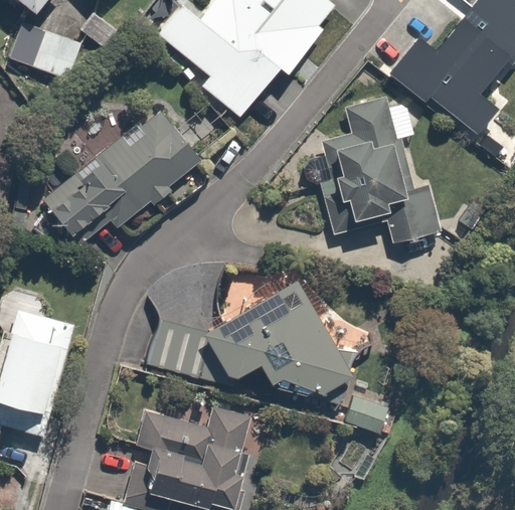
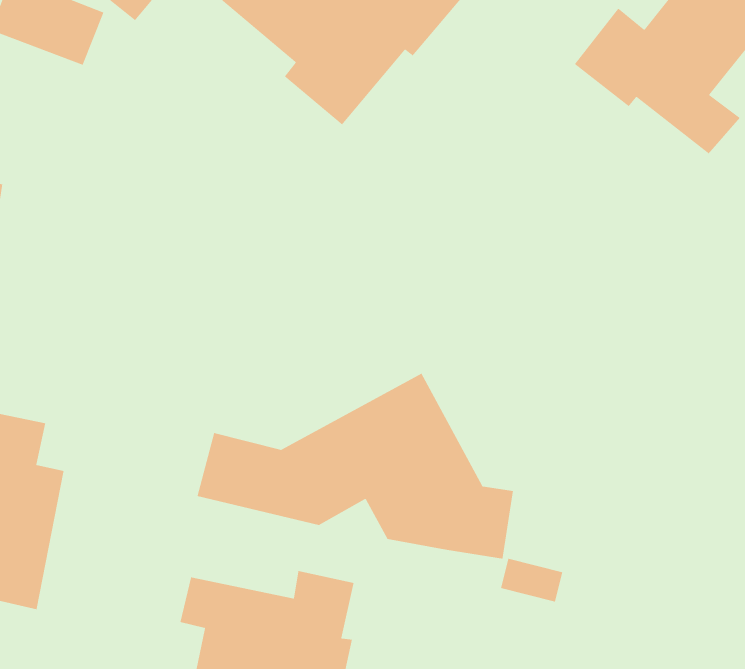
building: [327,97,439,240] -> none
building: [43,106,206,243] -> none

